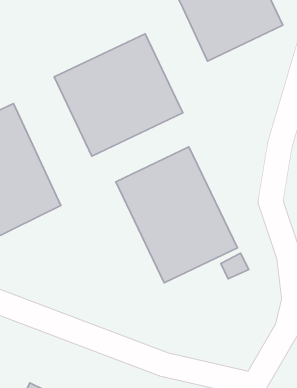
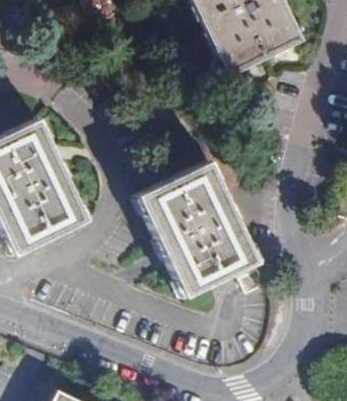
building: [54,34,183,156] -> none

